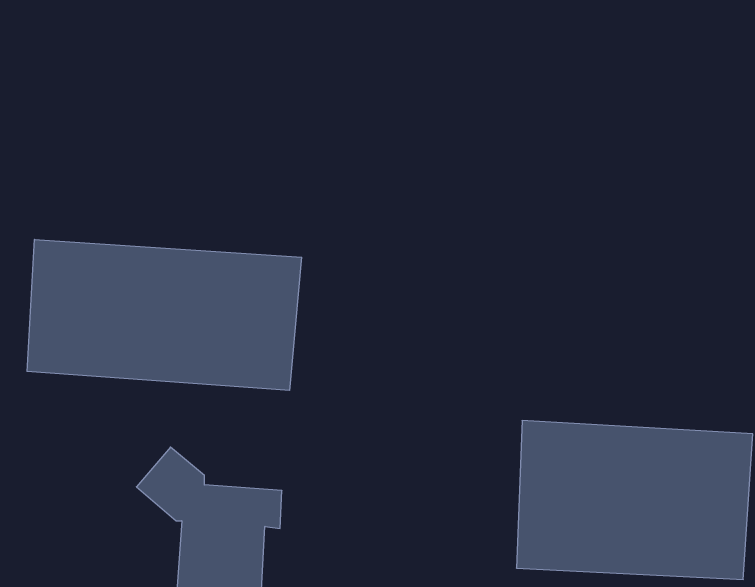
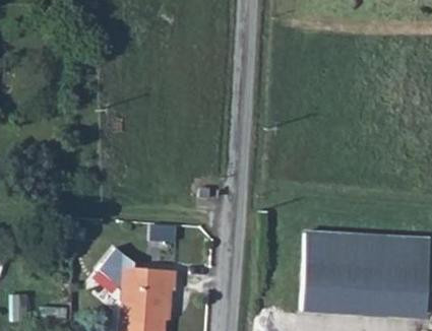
building: [27,239,302,390] -> none

